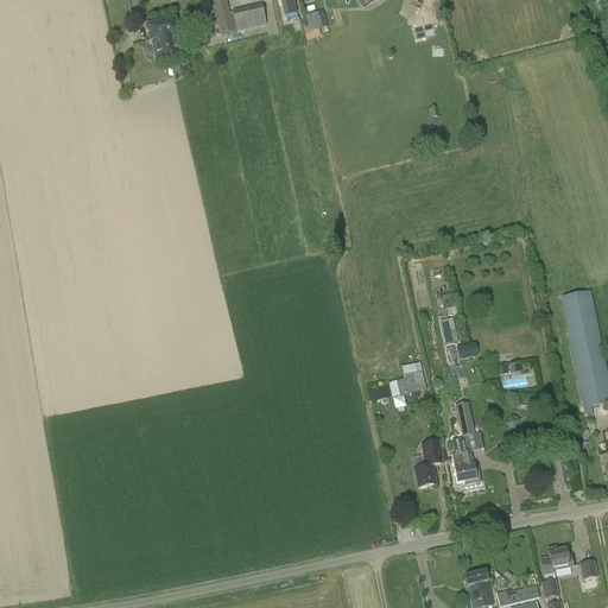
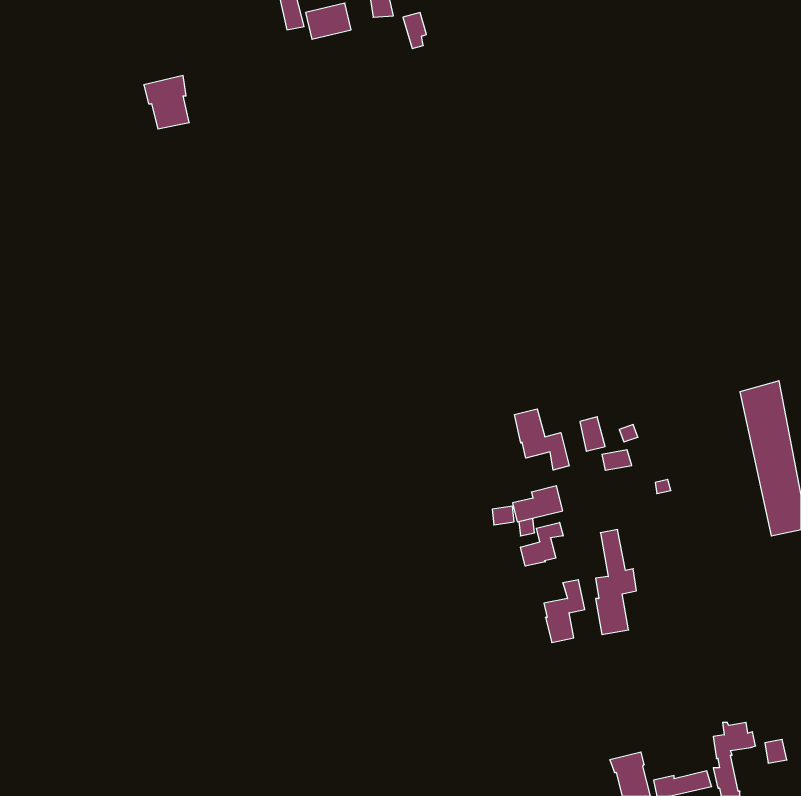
building: [146,17,180,57] -> [144,76,189,129]
building: none -> [515,409,569,470]
building: none -> [521,522,563,566]

